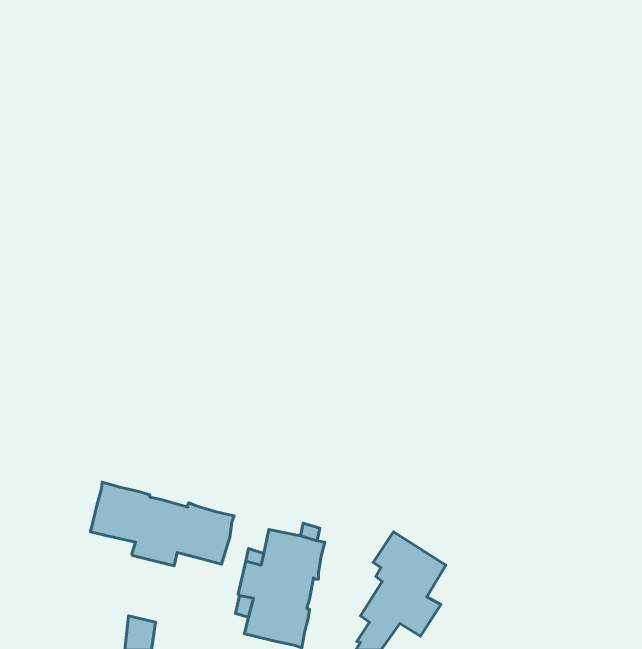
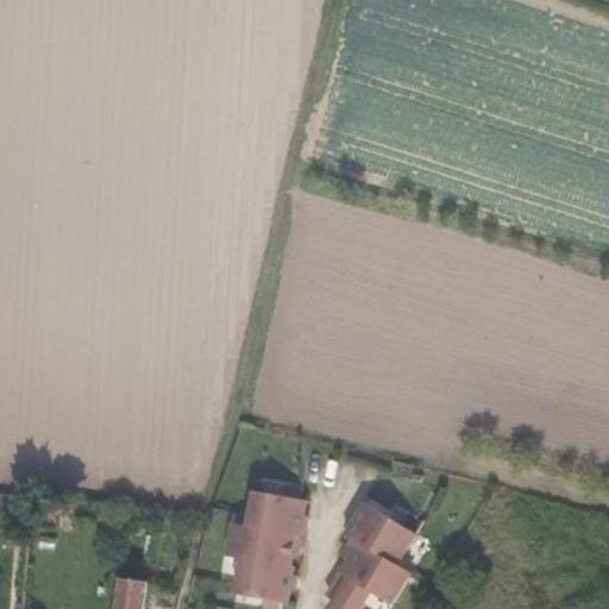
building: [91,482,234,566] -> none

